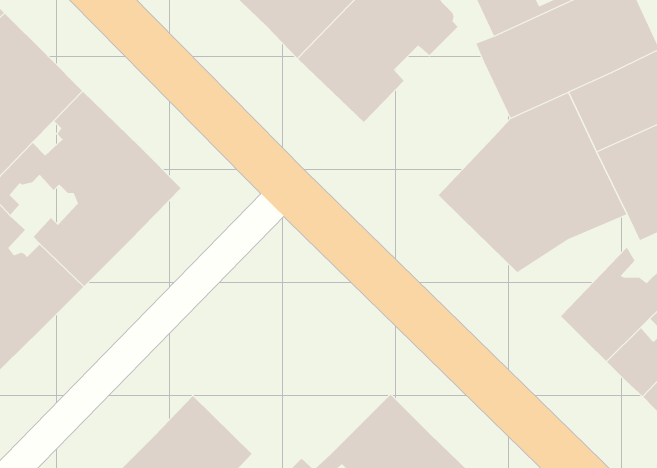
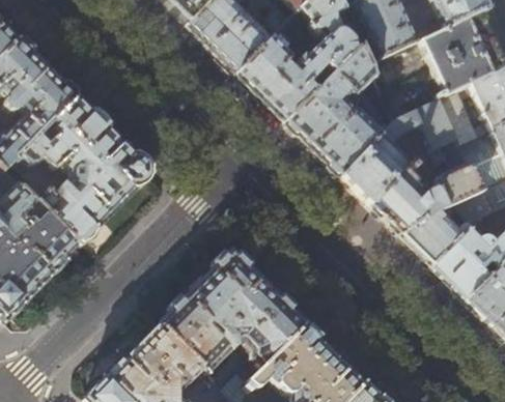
building: none -> [286,42,383,173]
building: none -> [400,188,492,263]
building: none -> [159,249,306,371]

